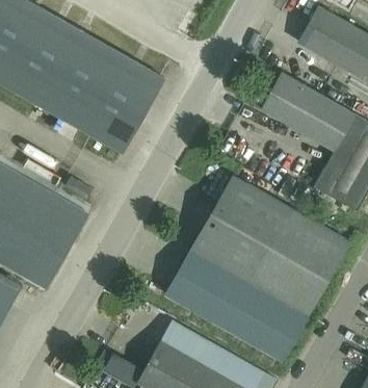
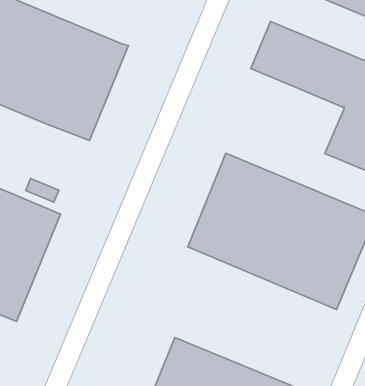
building: [165,249,307,361] -> none

